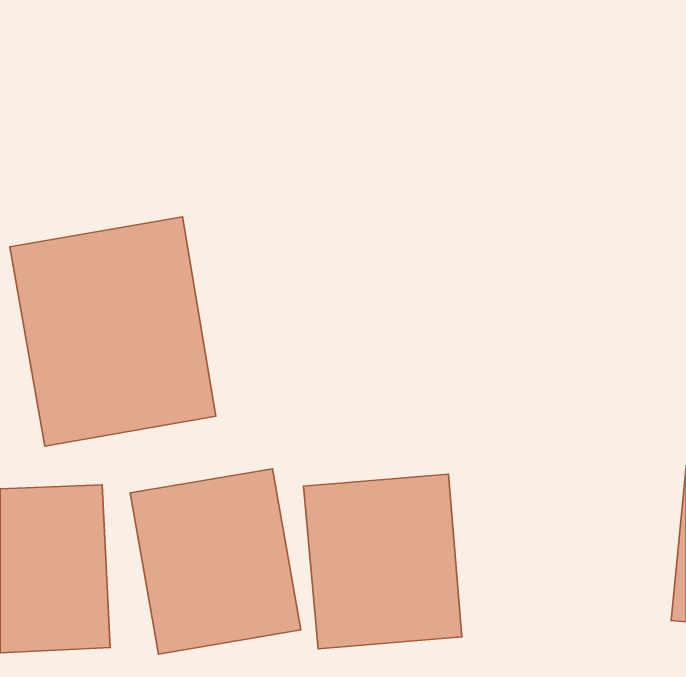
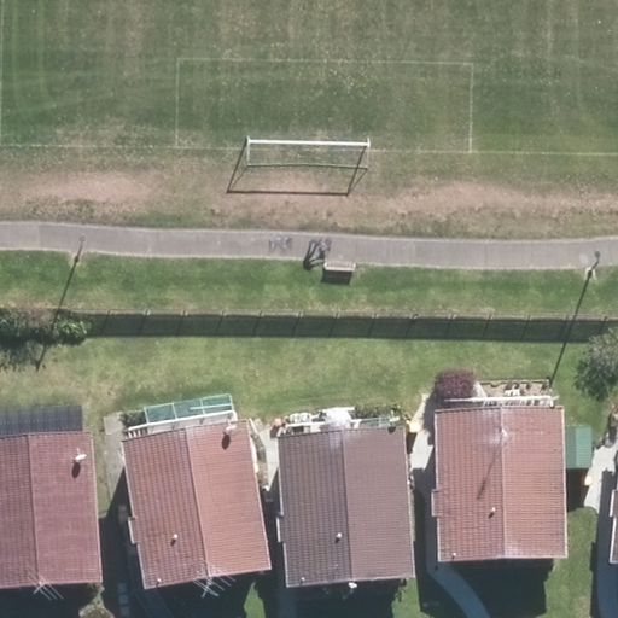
building: [10,217,216,446] -> none
building: none -> [435,408,566,556]

